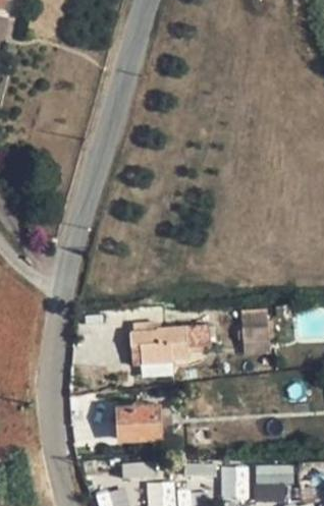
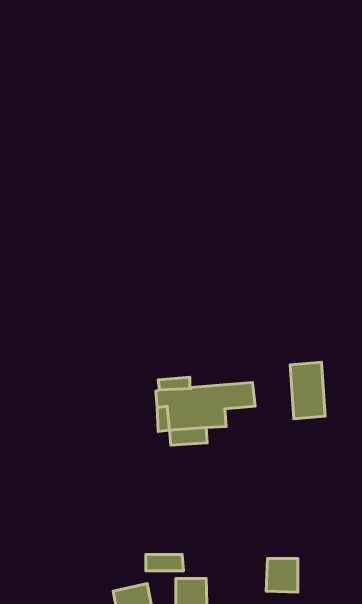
building: [118,407,159,440] -> none
building: [255,465,290,500] -> none

